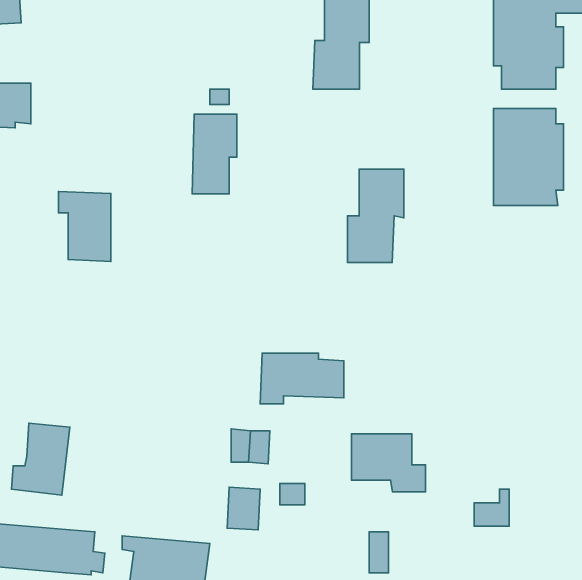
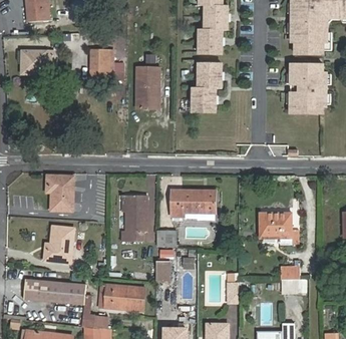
building: none -> [93,49,112,78]
building: [347,169,404,262] -> [192,63,221,111]
building: [58,192,111,262] -> [45,175,72,211]
building: none -> [120,195,145,241]
building: [352,434,425,492] -> [260,214,298,244]

